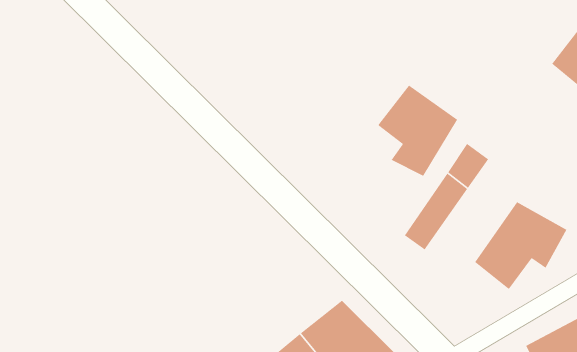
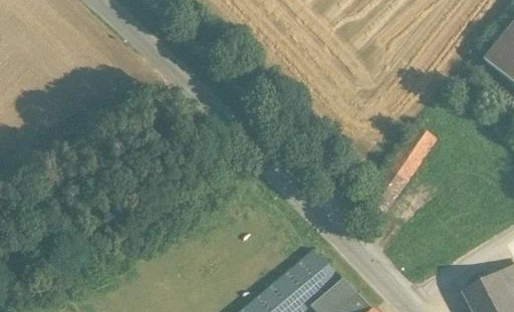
building: [377,85,458,177] -> none
building: [474,201,568,290] -> none

